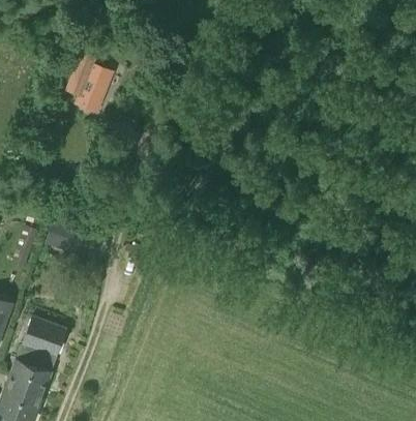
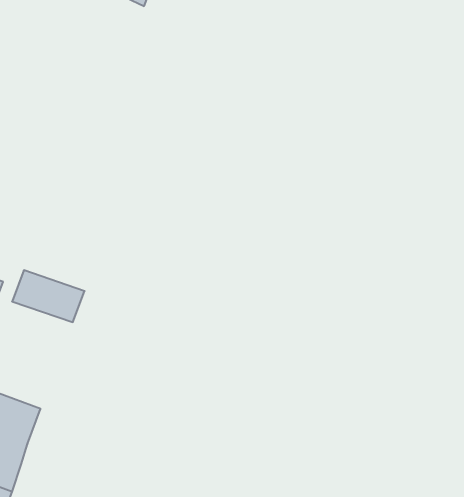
building: [65,63,113,112] -> none

